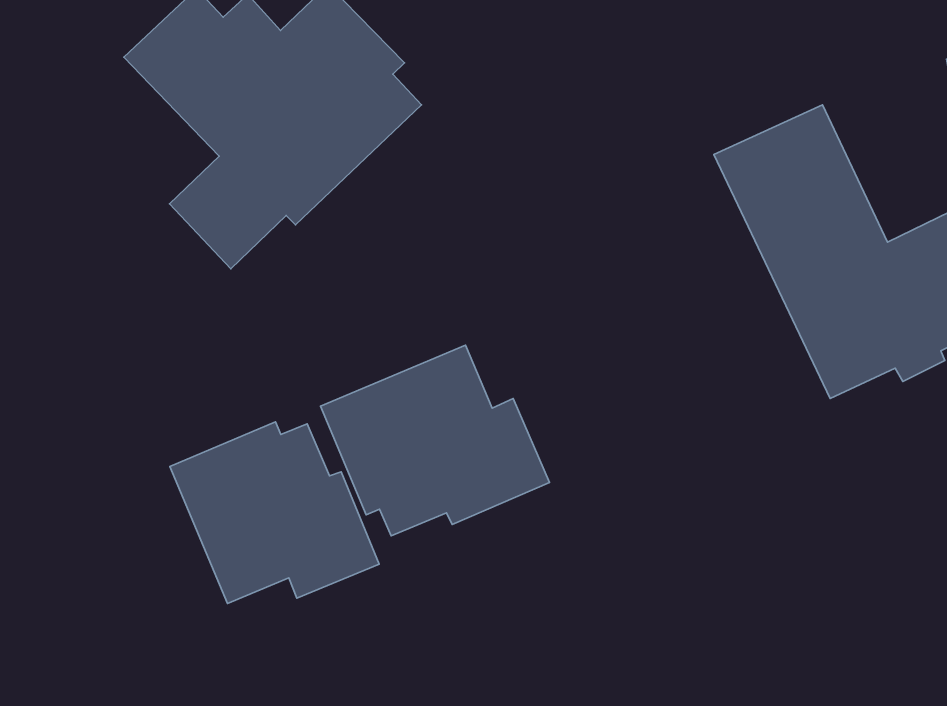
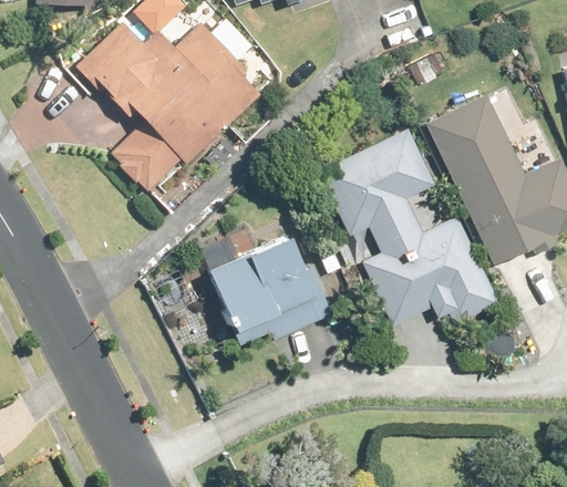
building: none -> [319,125,501,332]
building: [170,422,379,603] -> none

